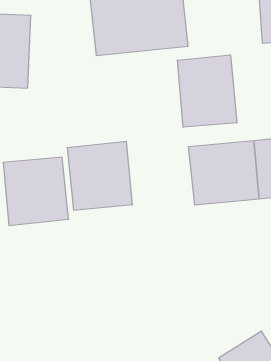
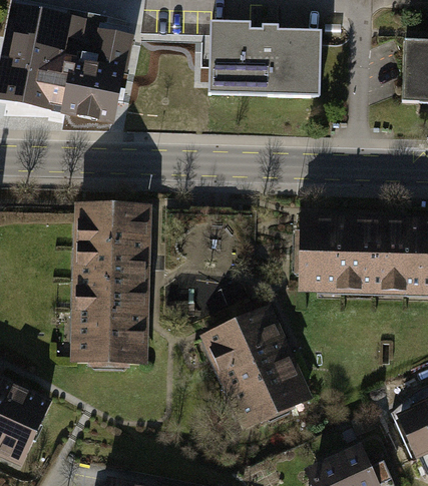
building: [177,55,237,127] -> none
building: [67,142,133,210] -> [74,286,147,363]
building: none -> [199,307,310,428]

